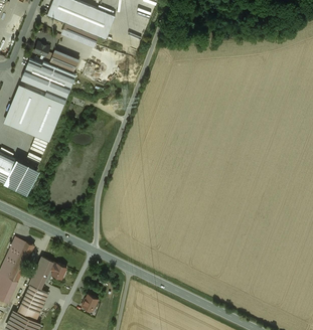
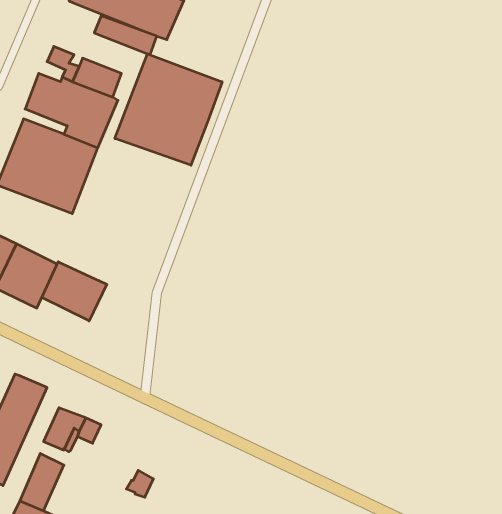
building: none -> [115,54,222,165]
building: none -> [42,262,107,321]

